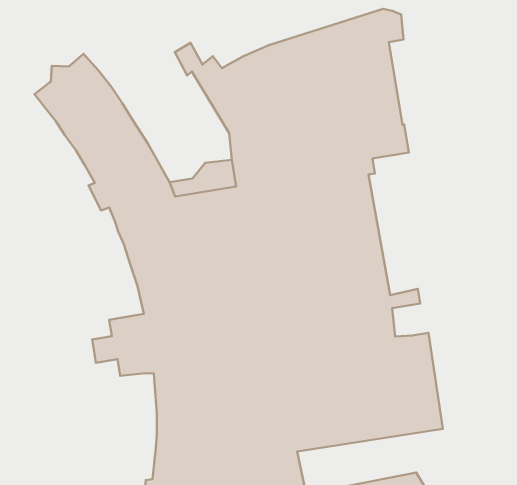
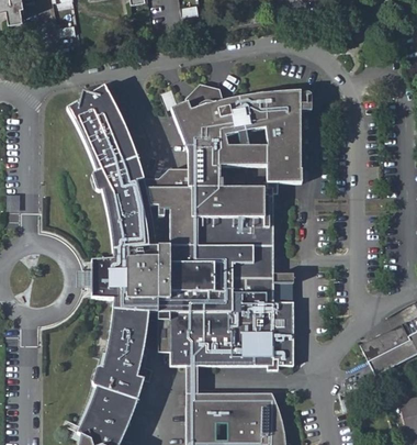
building: none -> [187,84,224,110]

